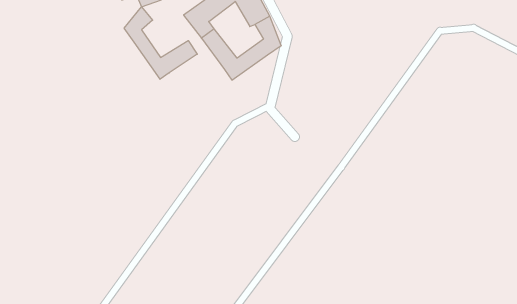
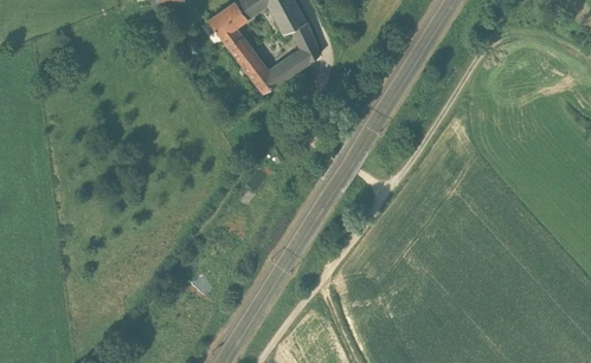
building: [124,7,197,79] -> none

